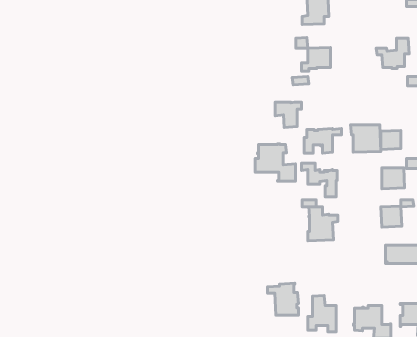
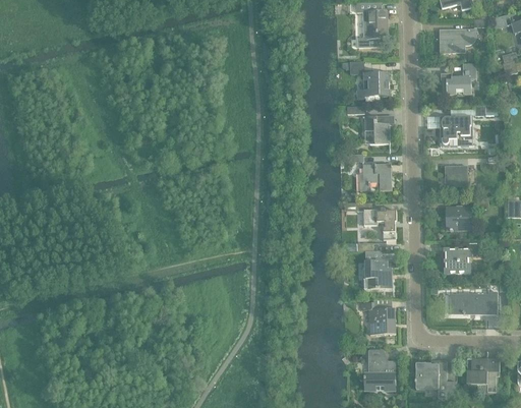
building: none -> [439,28,475,53]
building: [275,102,302,128] -> [364,115,394,143]
building: [351,125,381,152] -> [439,115,472,145]
building: [255,144,296,181] -> none
building: [267,283,299,315] -> [360,298,395,334]

